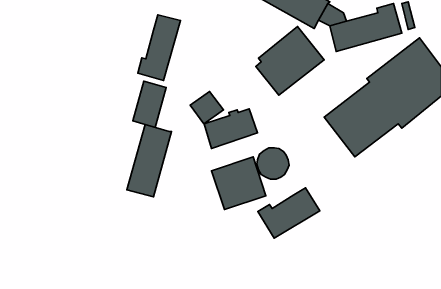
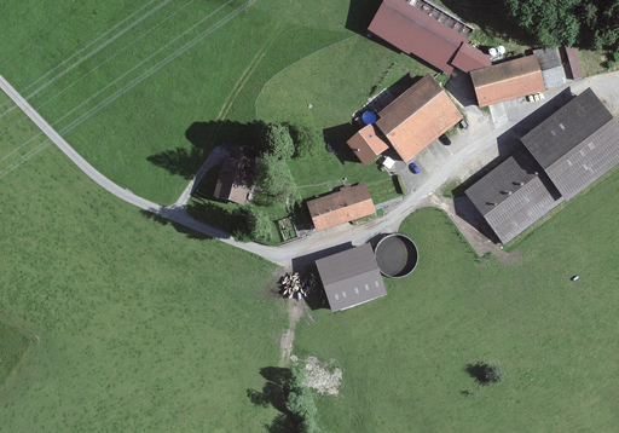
building: [138,15,180,80] -> none
building: [190,91,223,124] -> [346,125,389,167]
building: [127,124,172,197] -> none
building: [258,188,320,238] -> none

